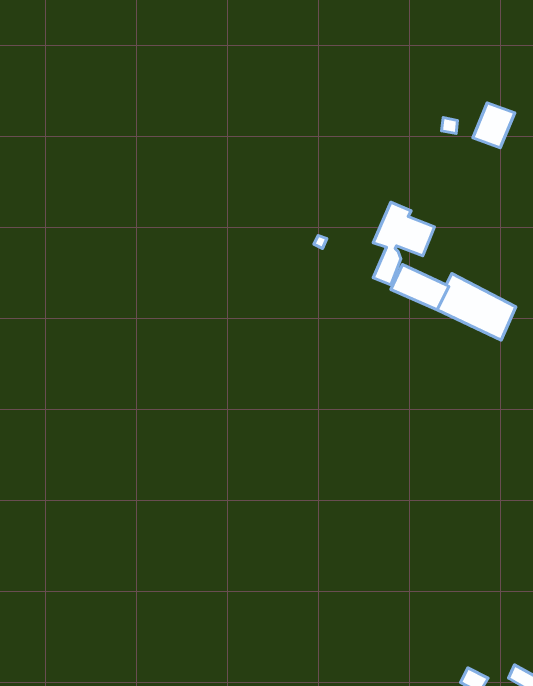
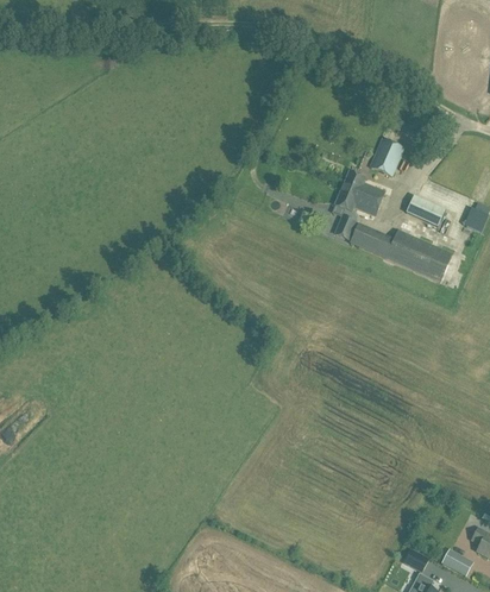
building: [473,103,515,148] -> [370,139,404,176]
building: none -> [407,196,445,227]

